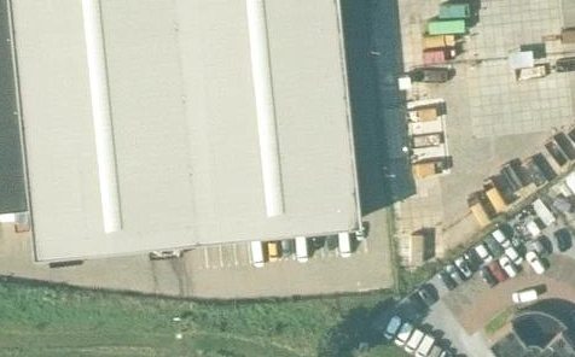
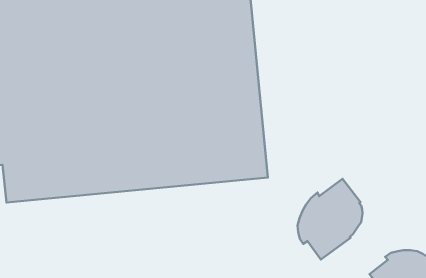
building: none -> [298,179,362,260]

